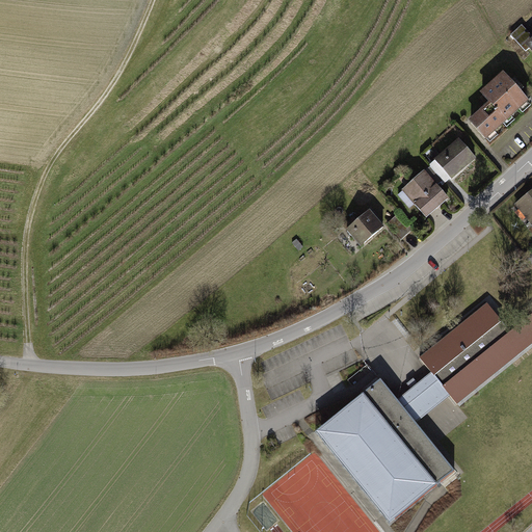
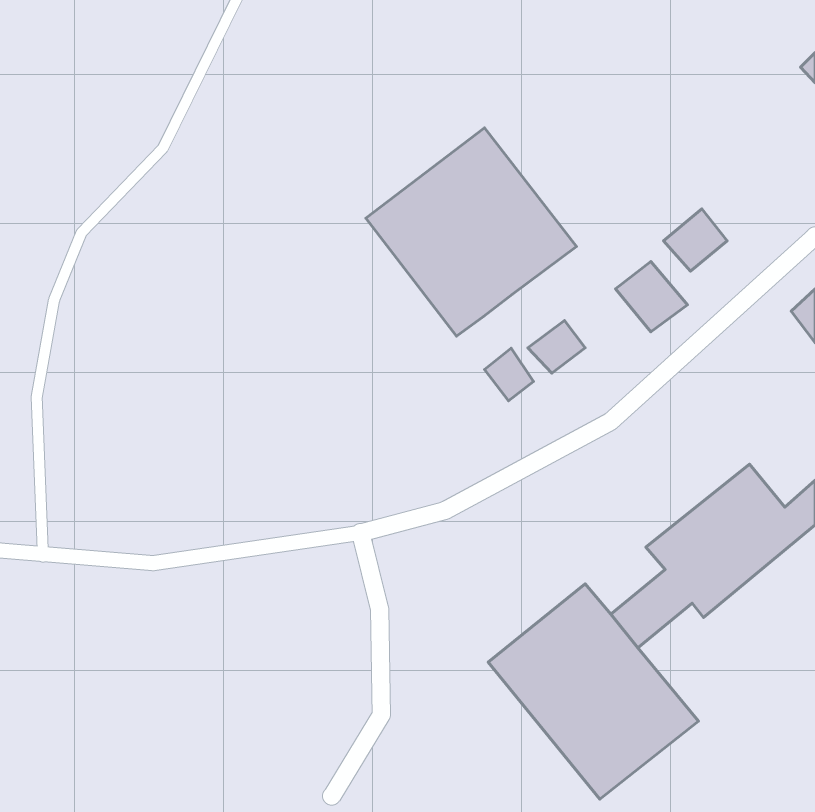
building: [467,73,526,138] -> none
building: none -> [366,128,577,336]
building: none -> [485,348,534,401]

